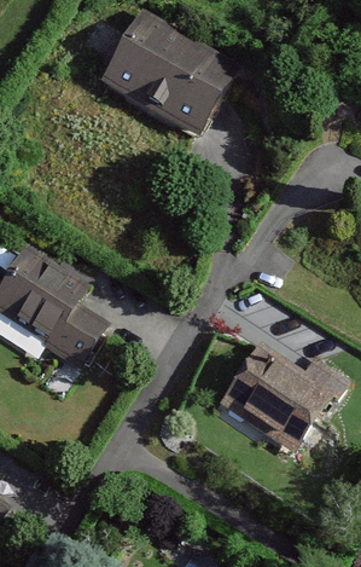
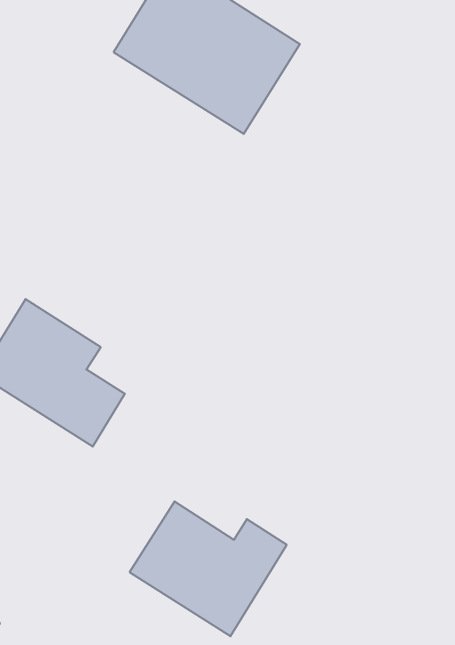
building: [223,349,342,451] -> [130,501,287,636]

